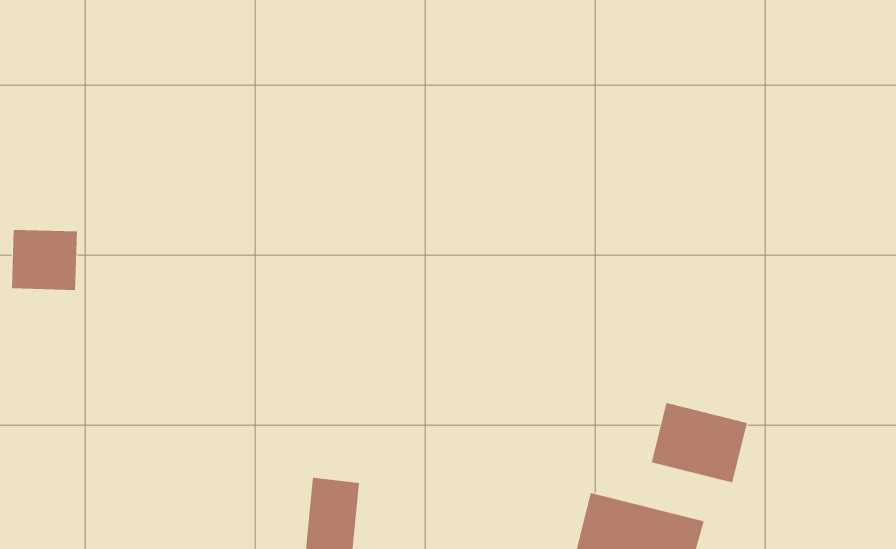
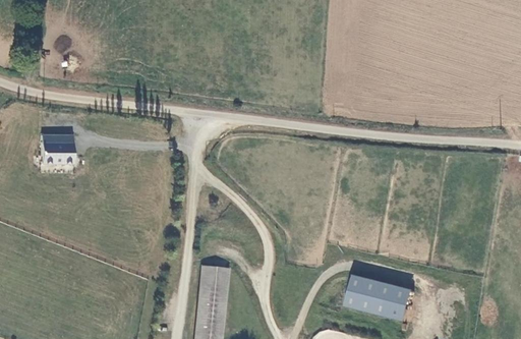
building: [651,402,748,483] -> none

